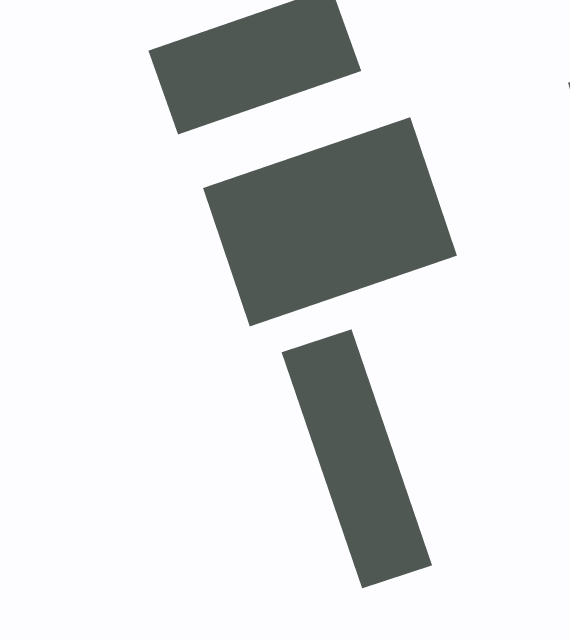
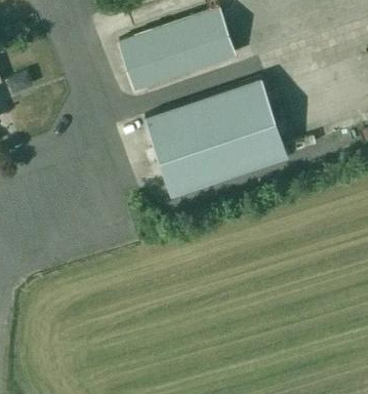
building: [281,328,433,589] -> none

